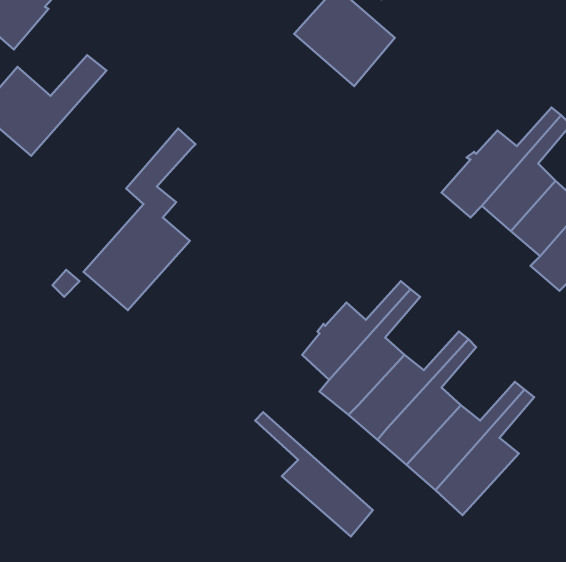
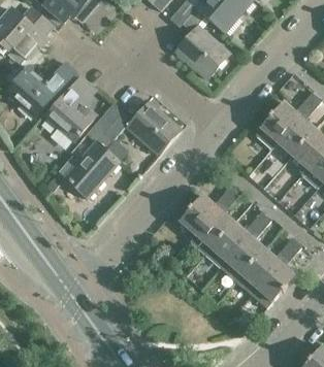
building: none -> [46,75,95,139]
building: none -> [102,101,180,154]
building: [255,412,373,536] -> none

